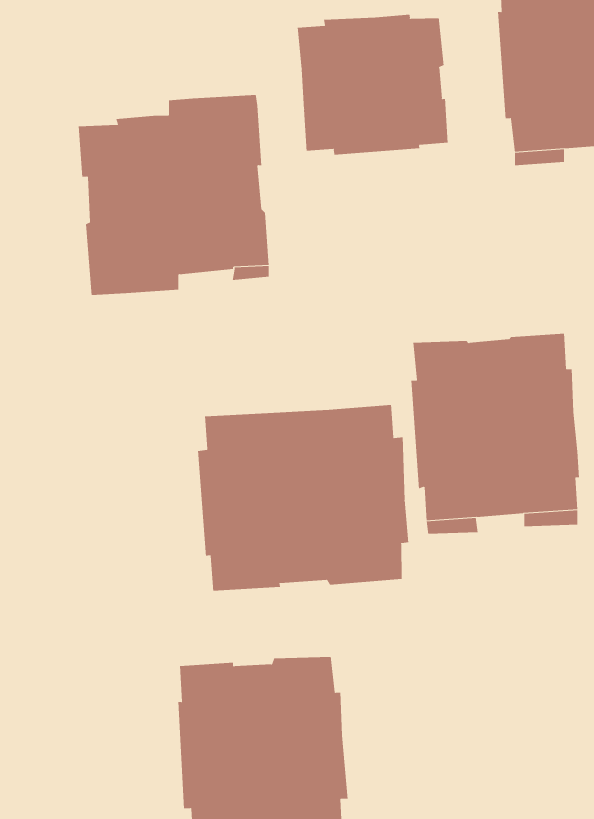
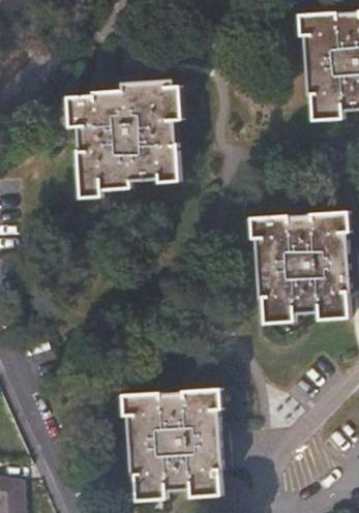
building: [297,14,448,156] -> none
building: [198,404,409,591] -> none

